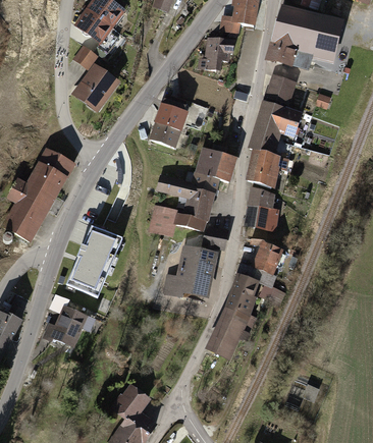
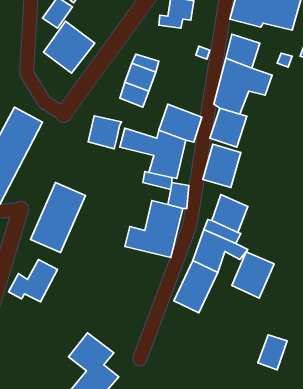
building: [147,204,180,237] -> [88,116,121,149]
building: none -> [232,252,274,298]

